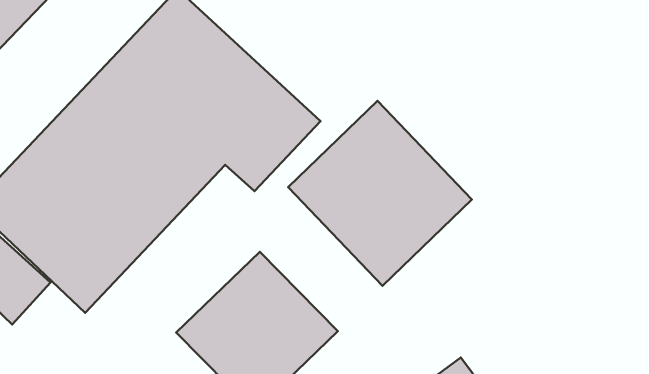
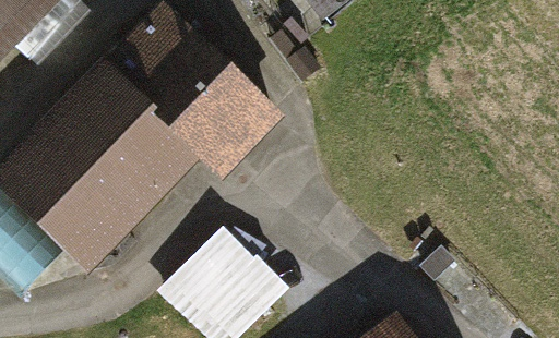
building: [288,101,472,286] -> none

